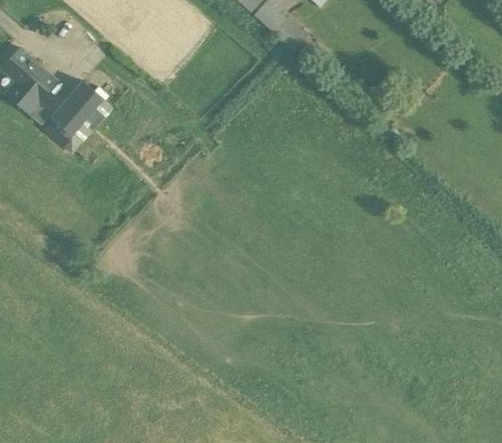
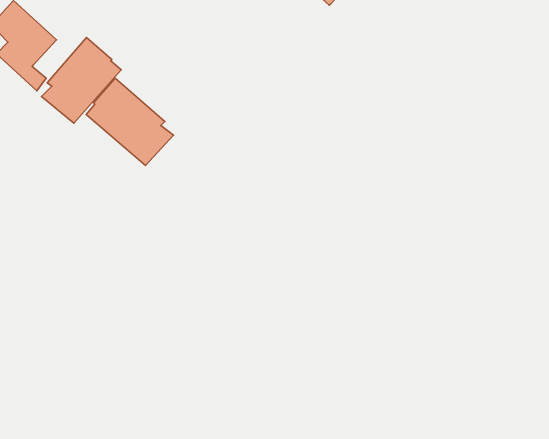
building: none -> [86,78,174,165]

